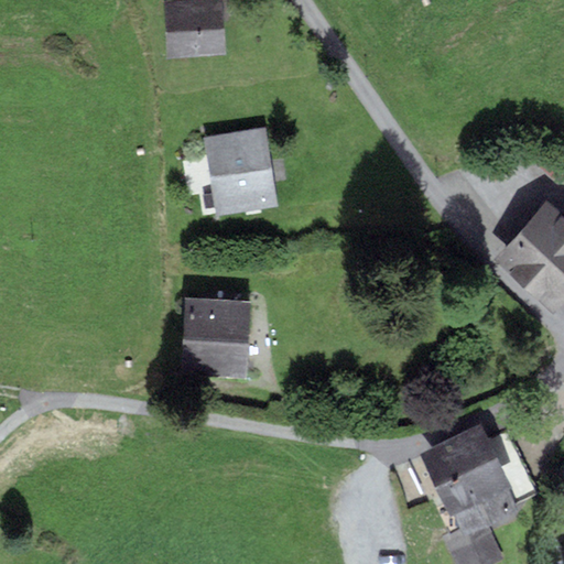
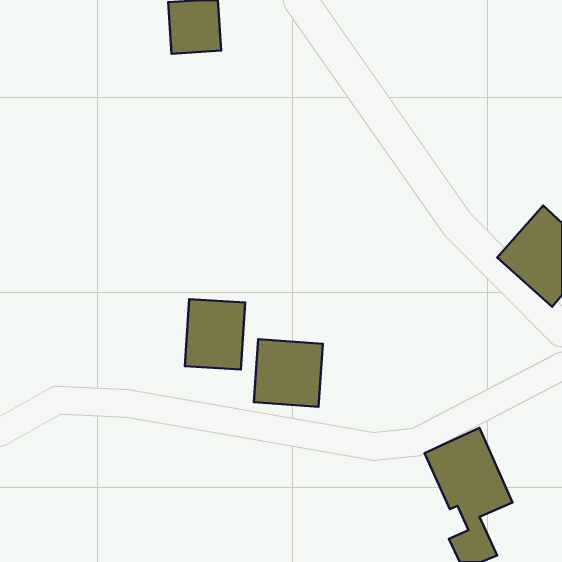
building: [208,131,274,212] -> none
building: none -> [254,339,323,407]

